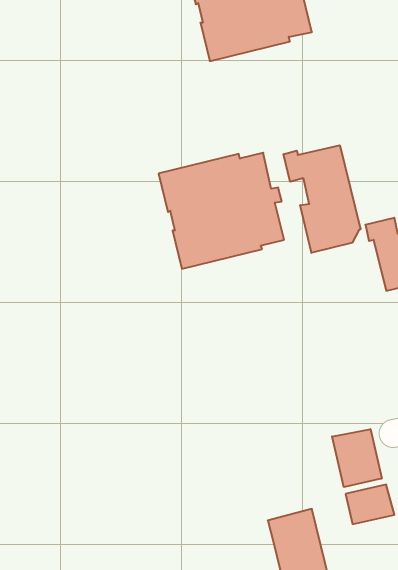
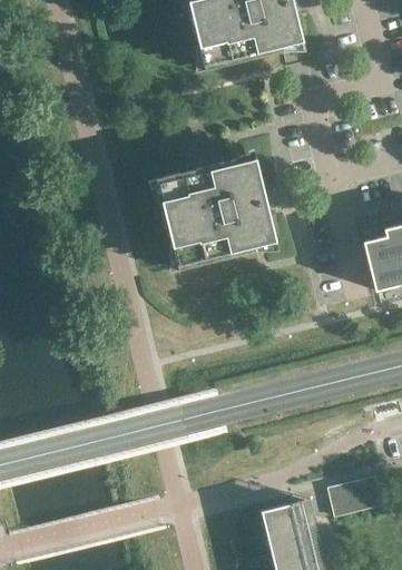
building: [284,145,360,253] -> none
building: [332,429,382,487] -> none

